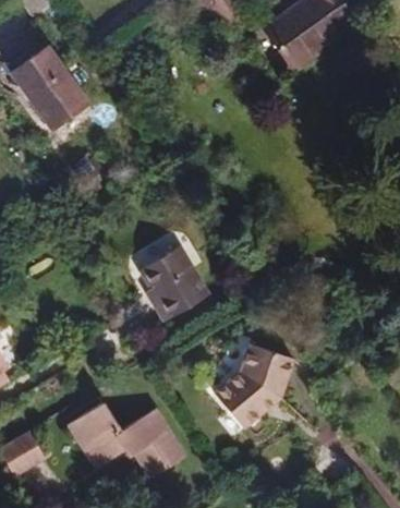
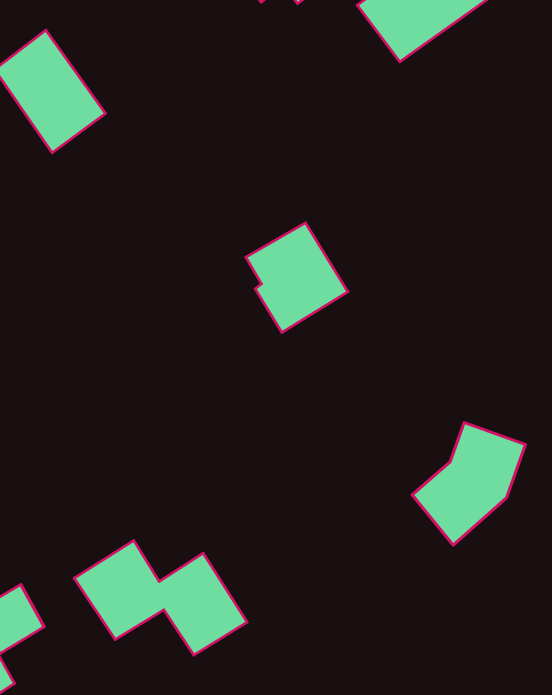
building: [138,245,209,322] -> [246,223,348,333]
building: [215,343,293,428] -> [412,423,525,545]

